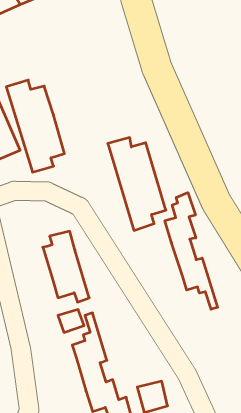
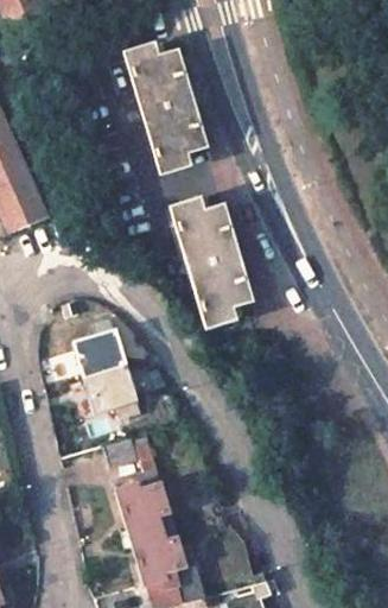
building: [6,80,64,172] -> [122,43,204,172]
building: [165,193,218,309] -> none

